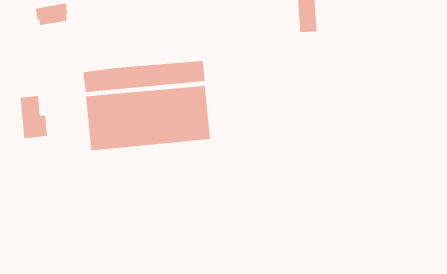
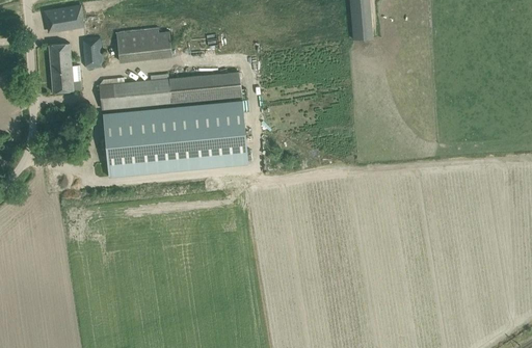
building: none -> [115,27,171,61]
building: none -> [82,38,104,68]
building: [20,96,48,139] -> [49,43,81,92]

